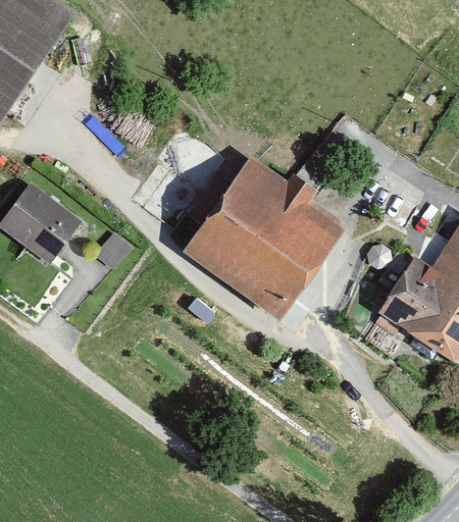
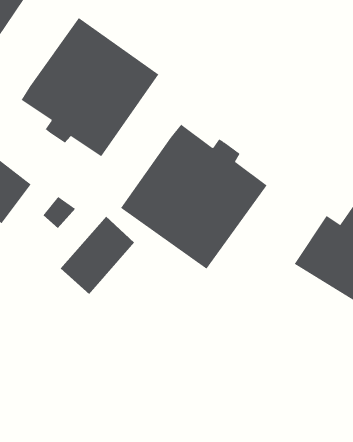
building: none -> [21,17,159,157]
building: none -> [60,216,135,295]

